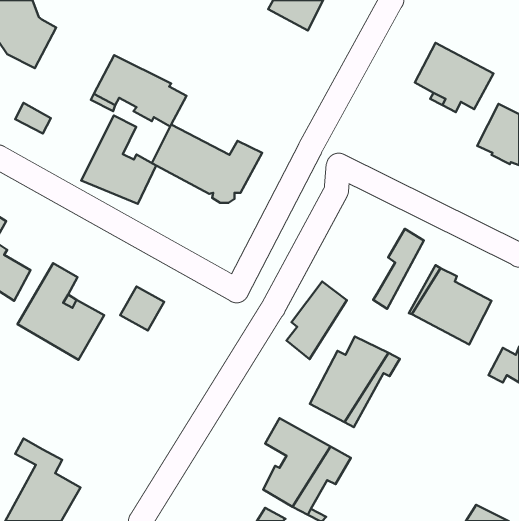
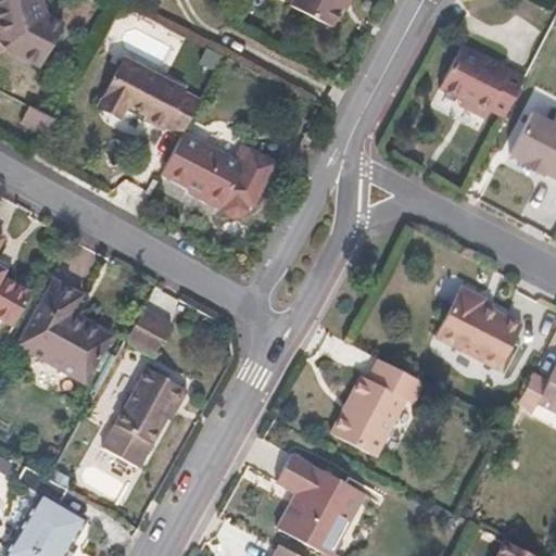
building: [81,116,156,204] -> none
building: [373,229,424,309] -> none
building: [287,282,347,359] -> none
building: none -> [101,377,186,478]

